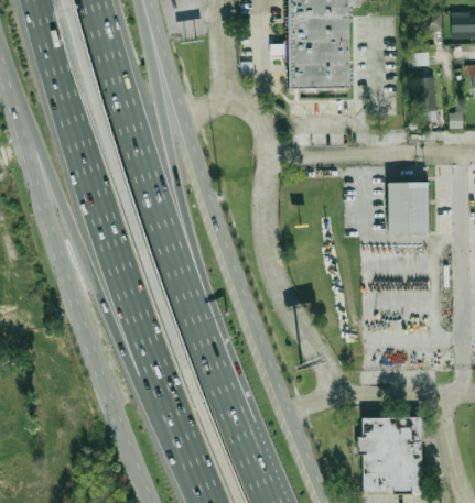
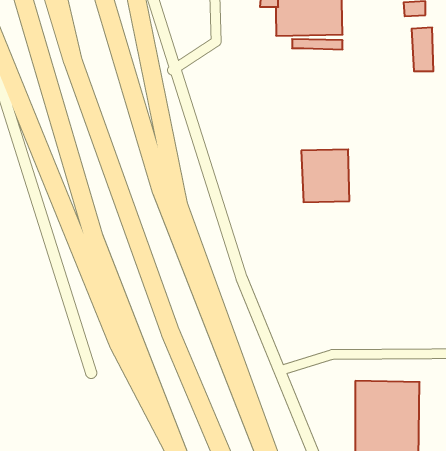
building: [385,181,431,231] -> [301,149,349,202]

